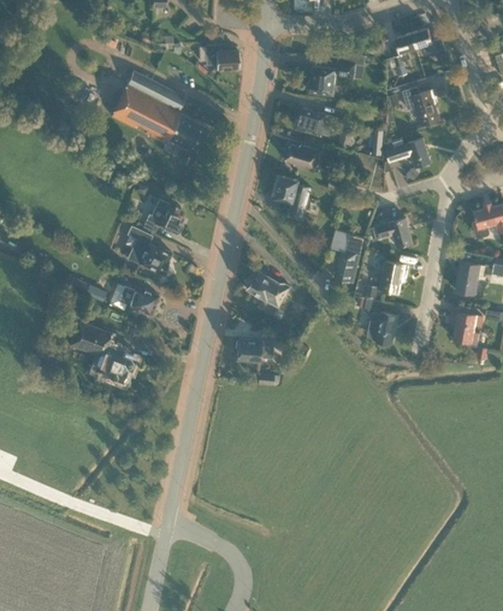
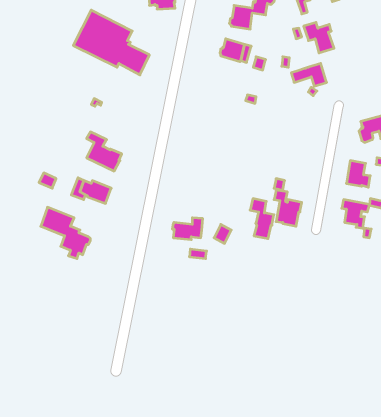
building: [284,143,320,171] -> none
building: [274,176,309,219] -> none
building: [142,198,181,233] -> none
building: [369,218,412,247] -> none
building: [330,232,360,283] -> [250,199,274,239]
building: [379,260,408,293] -> none
building: [245,271,289,307] -> none

